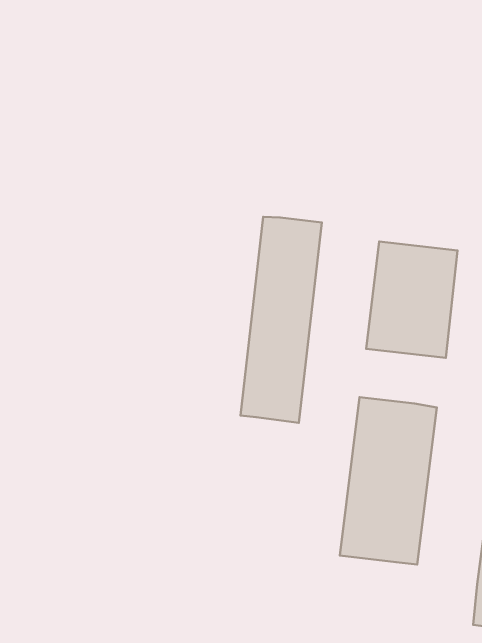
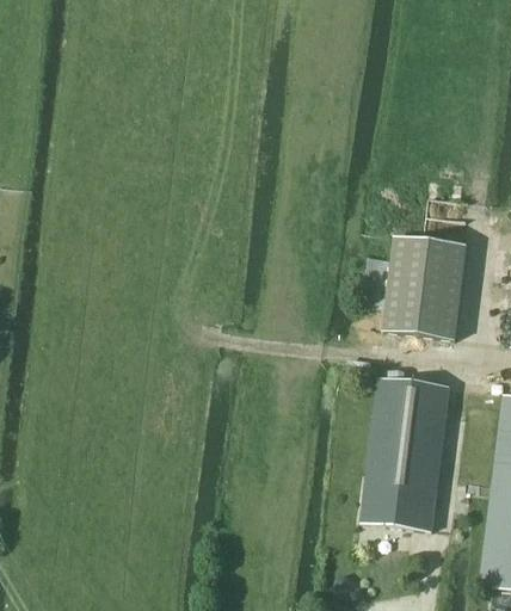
building: [240,217,322,423] -> none

